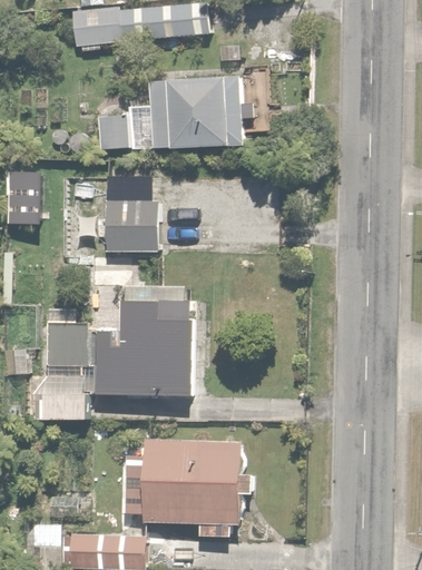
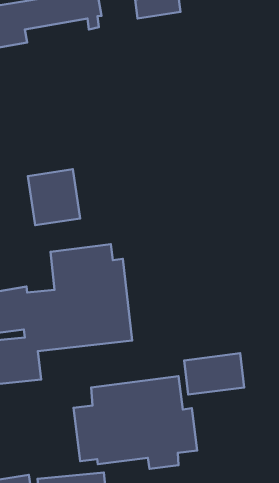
building: [97,71,256,150] -> none
building: none -> [184,353,244,394]

